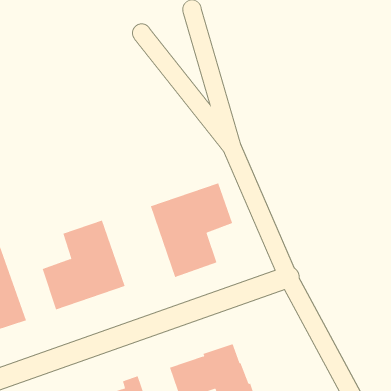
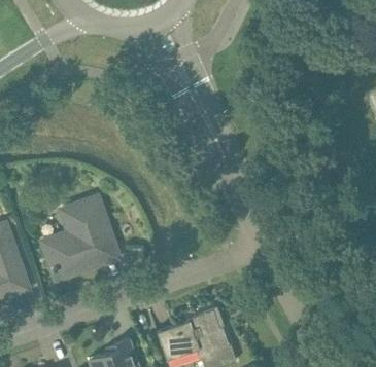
building: [150,182,233,278] -> none

